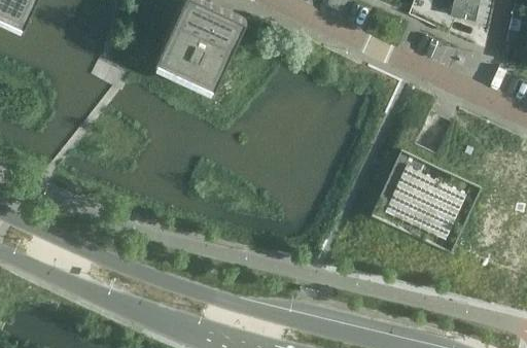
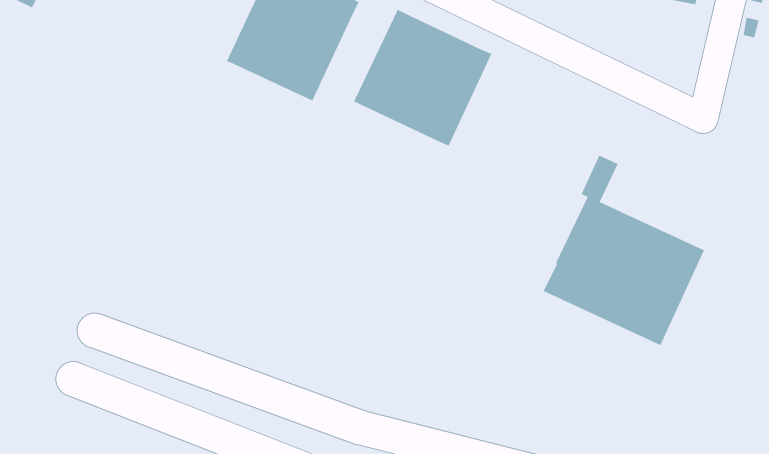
building: none -> [353,9,492,146]

